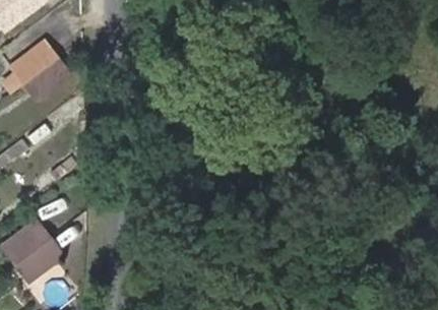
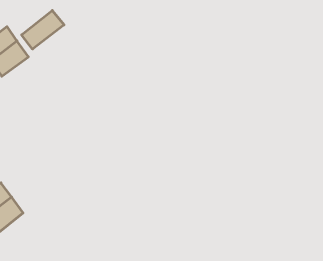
building: none -> [22,10,64,49]

